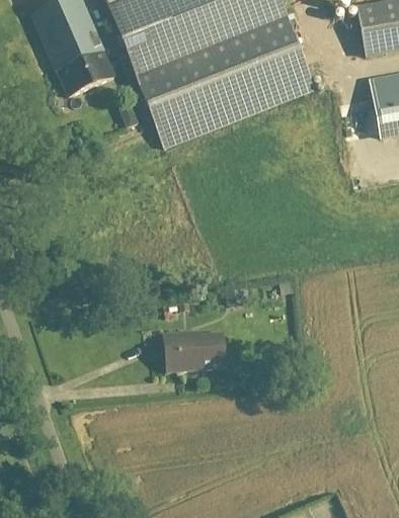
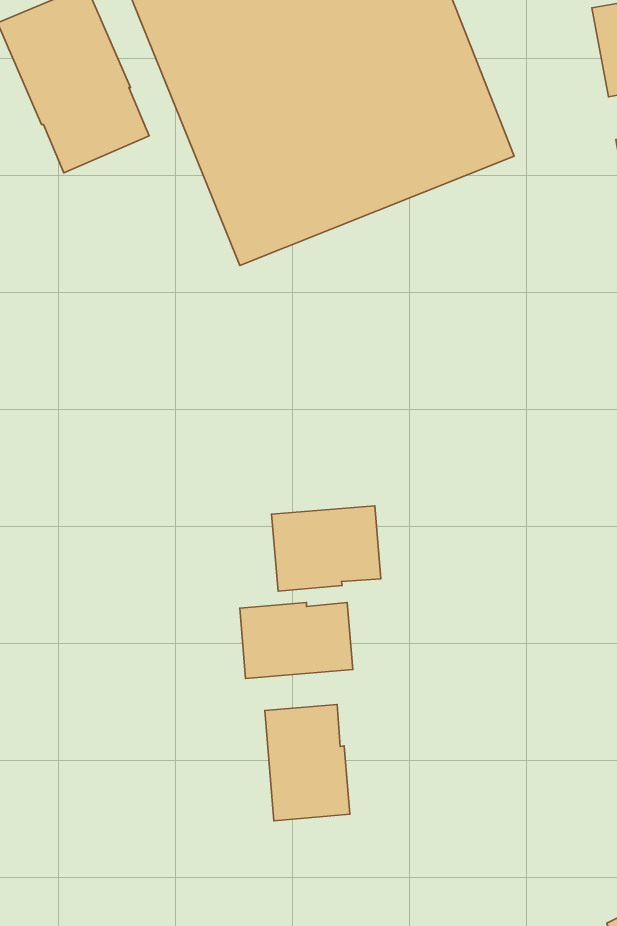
building: none -> [271,506,381,591]
building: none -> [265,704,350,821]

